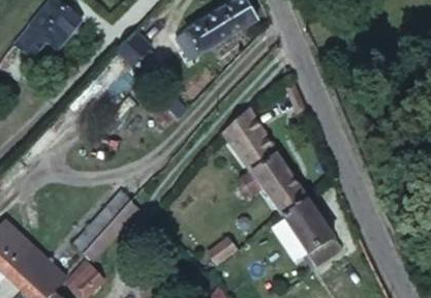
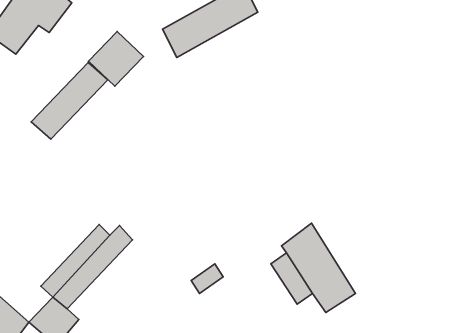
building: none -> [31,63,108,139]
building: [227,110,306,215] -> none

